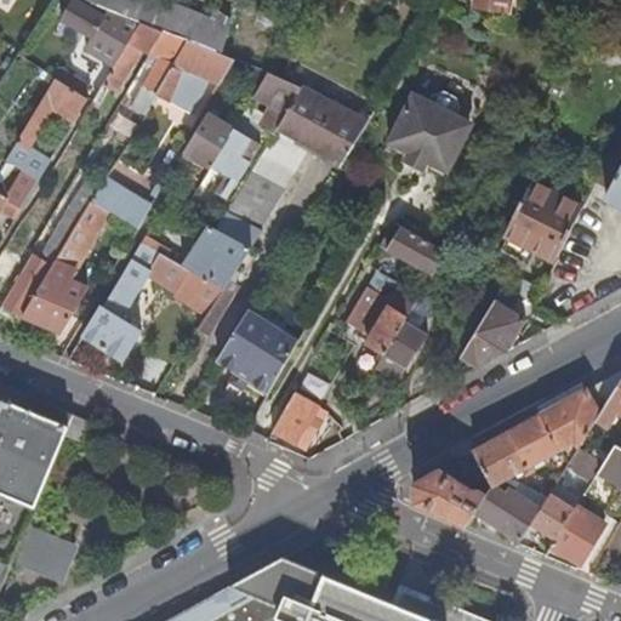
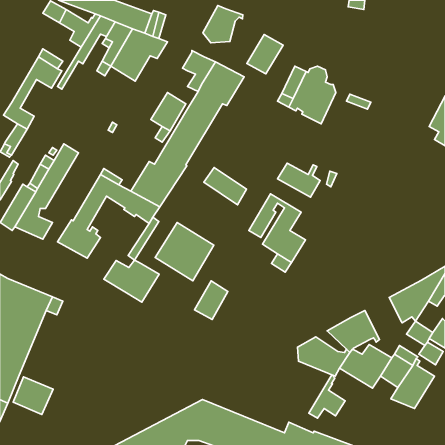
building: none -> [203,6,243,43]
building: [315,108,366,163] -> [247,35,283,74]
building: [184,115,233,167] -> none
building: [89,177,152,230] -> none
building: [503,182,582,261] -> none
building: none -> [204,167,247,205]
building: [460,290,532,368] -> none
building: none -> [104,260,159,302]
building: [507,415,558,473] -> none
building: none -> [309,375,345,418]

